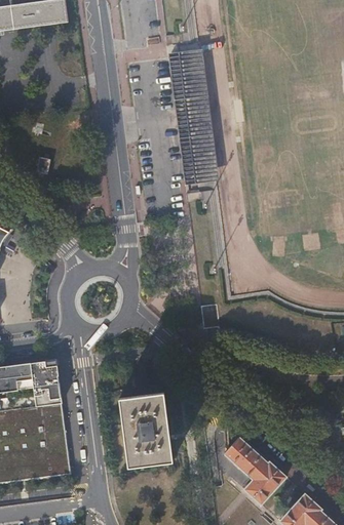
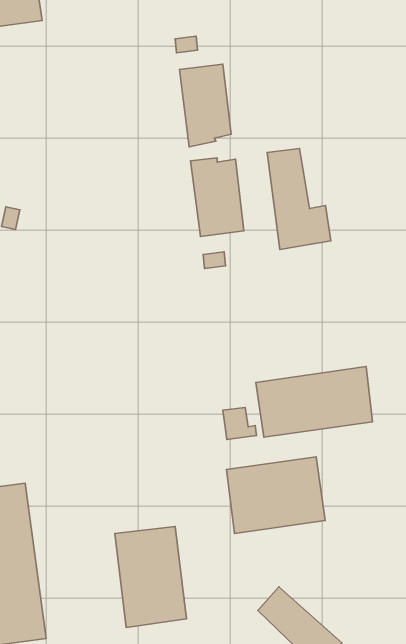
building: none -> [267,149,331,250]
building: none -> [256,367,372,437]
building: none -> [227,457,325,533]

